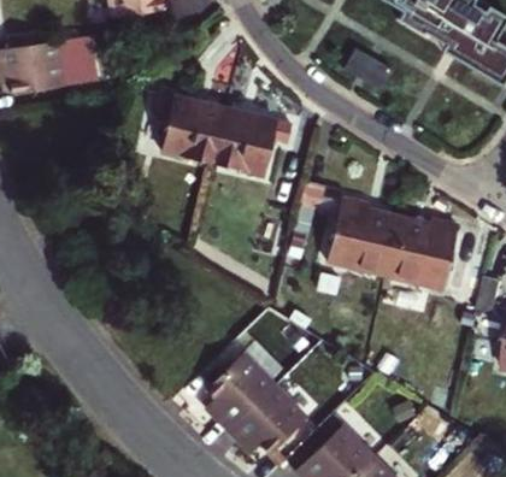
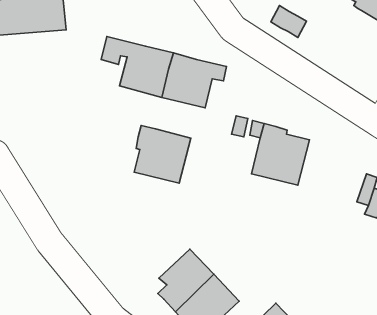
building: none -> [134,125,191,183]
building: [377,216,465,287] -> none

